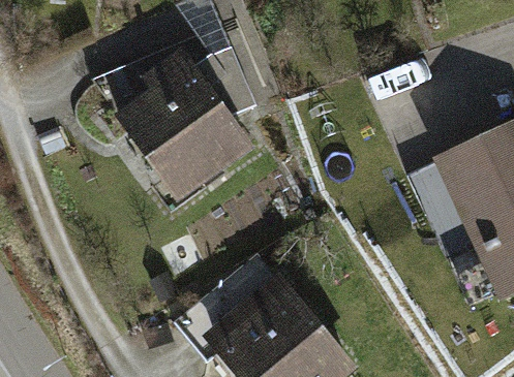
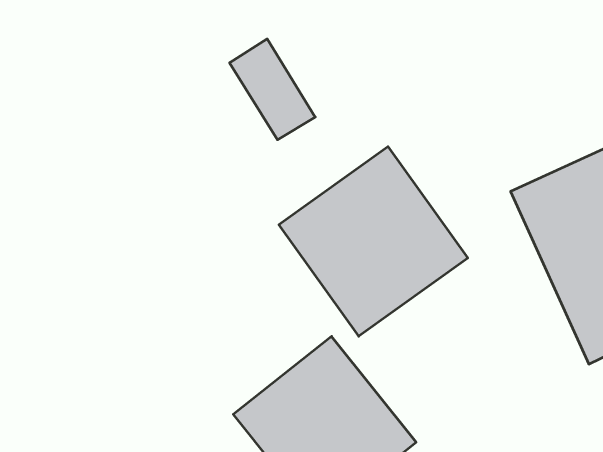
building: [103,49,251,200] -> none
building: none -> [279,147,468,336]

